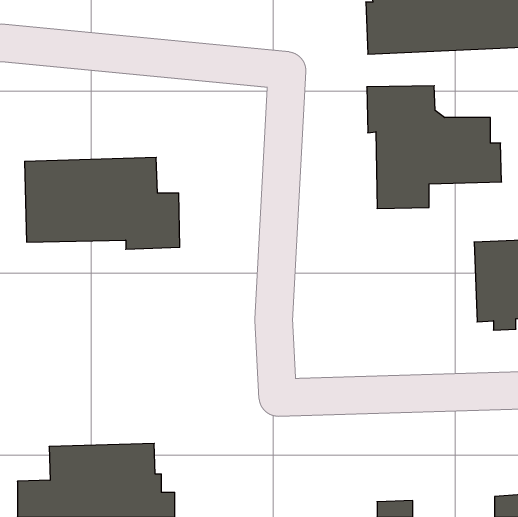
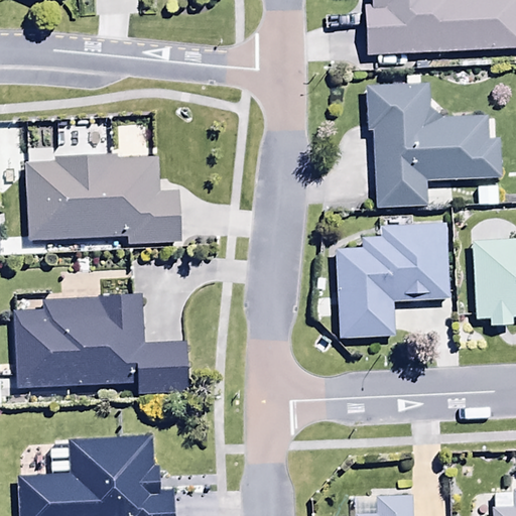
building: none -> [336,222,447,337]
building: none -> [11,293,189,395]

